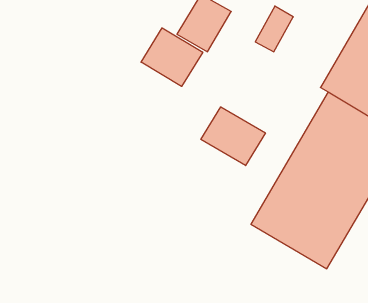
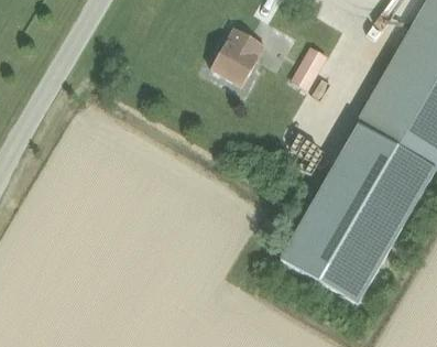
building: [141,28,203,86] -> none
building: [201,107,265,166] -> none

